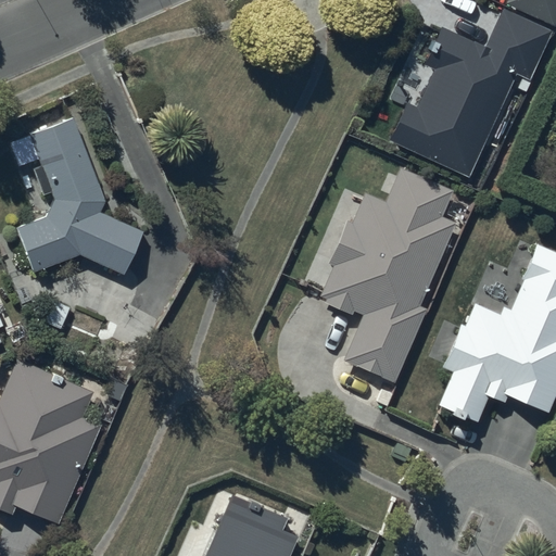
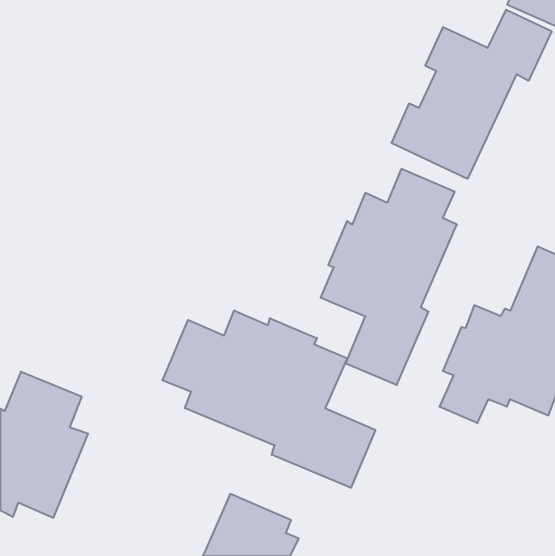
building: [20,119,146,275] -> none
building: none -> [162,310,375,488]

